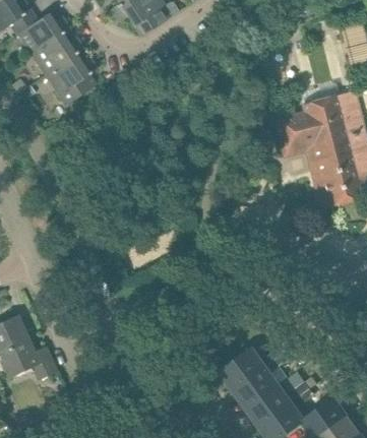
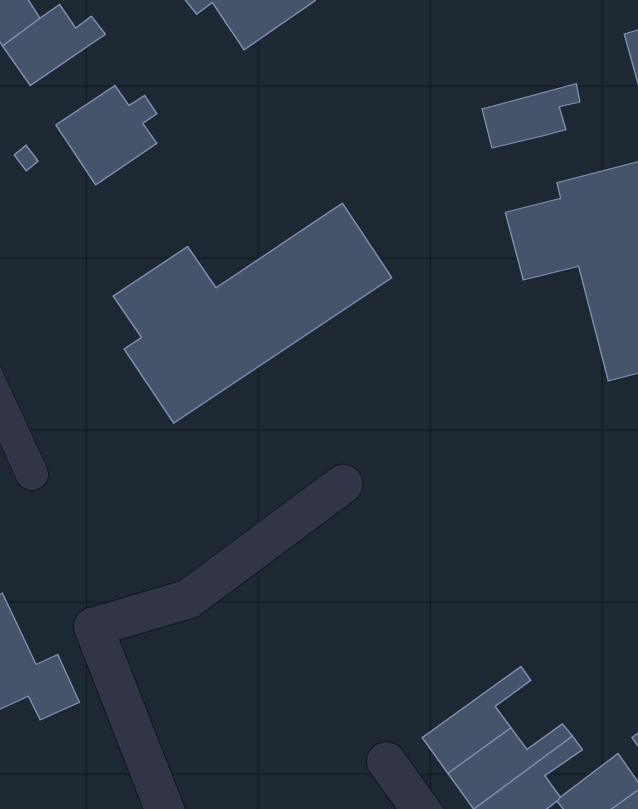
building: [32,35,83,75] -> none
building: none -> [482,83,580,148]
building: none -> [113,203,392,423]
building: [220,347,284,389] -> none

